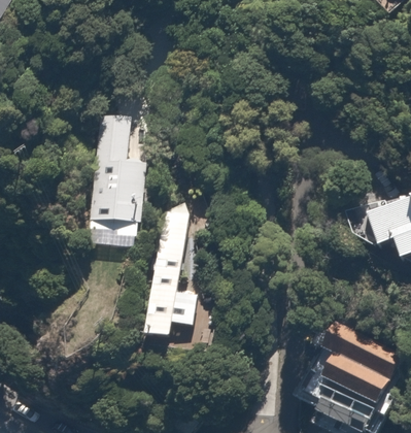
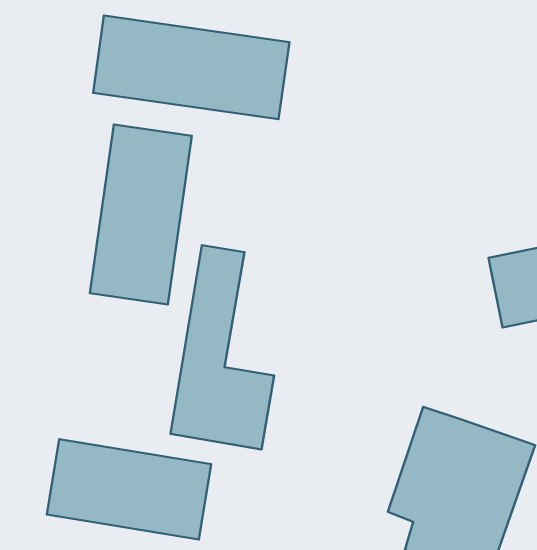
building: none -> [93,16,289,119]
building: none -> [47,439,211,540]

